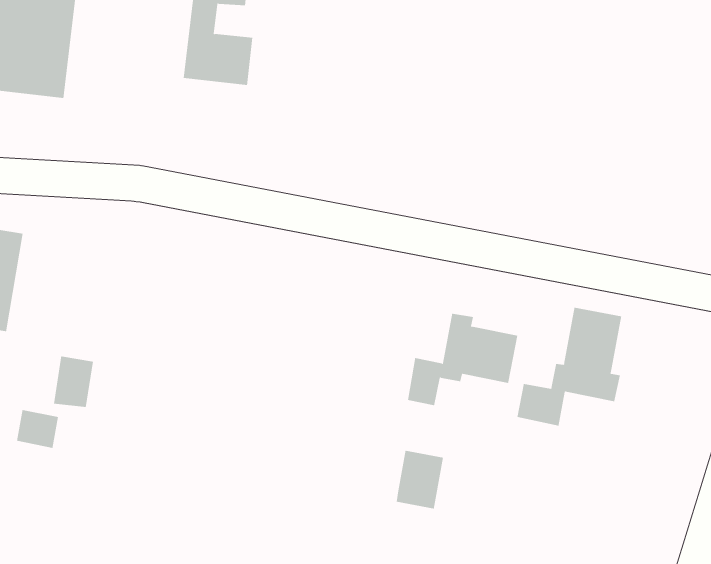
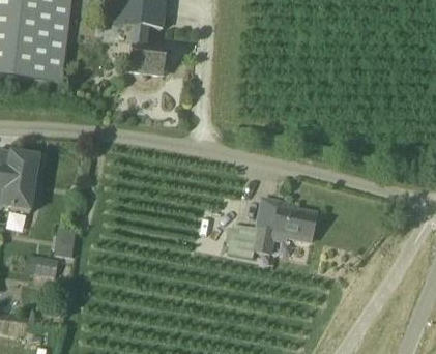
building: [517,307,622,426] -> none
building: [396,450,444,509] -> [228,222,255,255]

